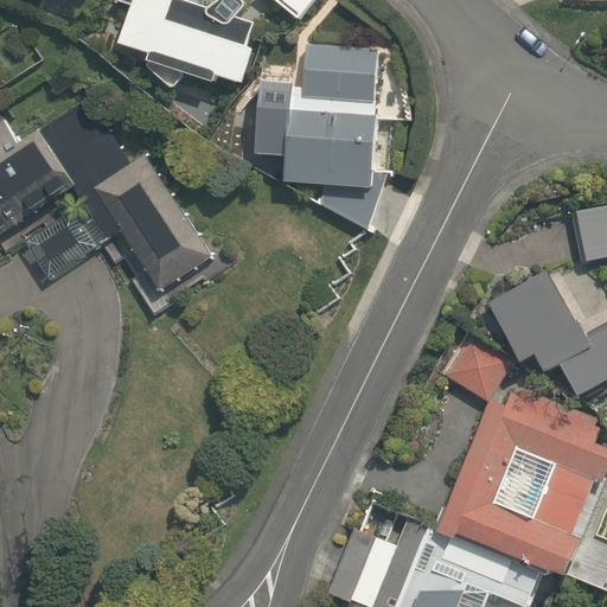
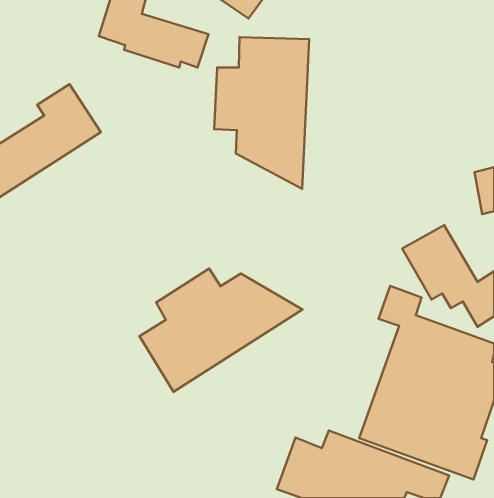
building: [12,152,210,292] -> none
building: none -> [140,268,303,392]

